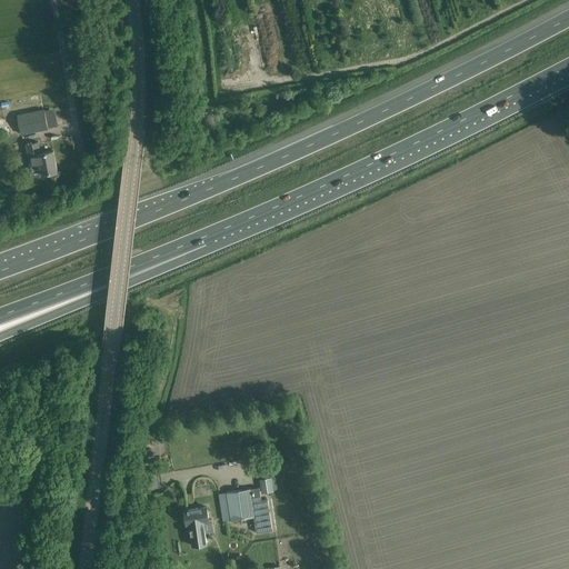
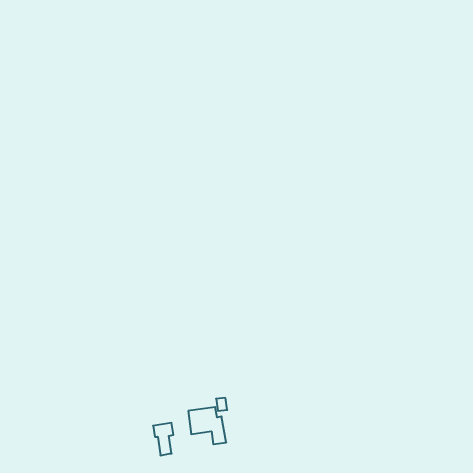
building: [17,111,47,134] -> none
building: [26,143,56,174] -> none

